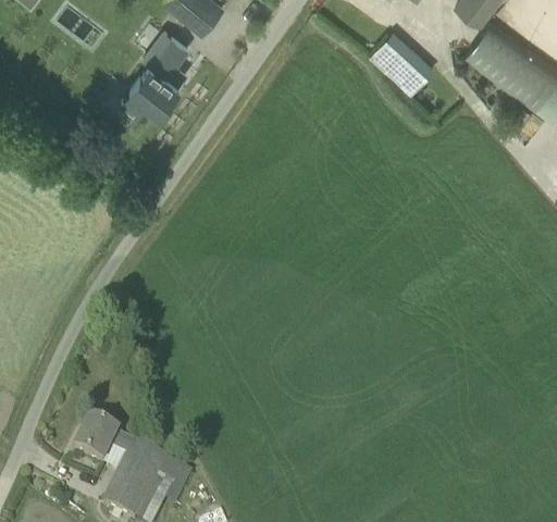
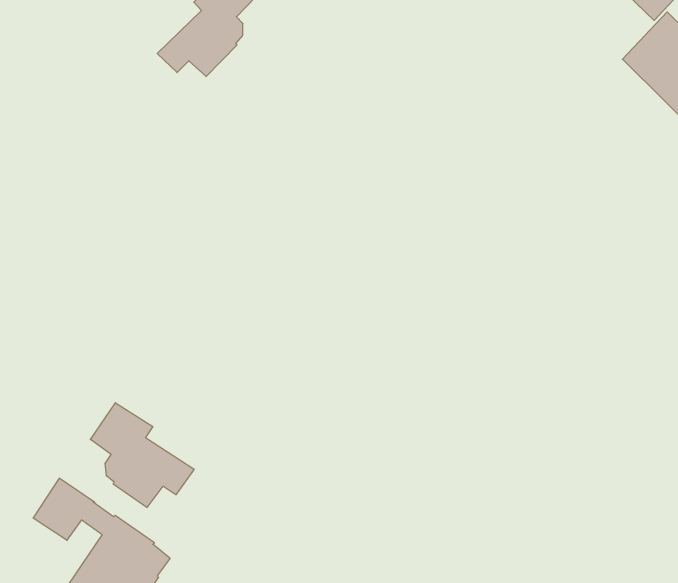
building: [372,28,437,95] -> none
building: none -> [90,403,194,508]

